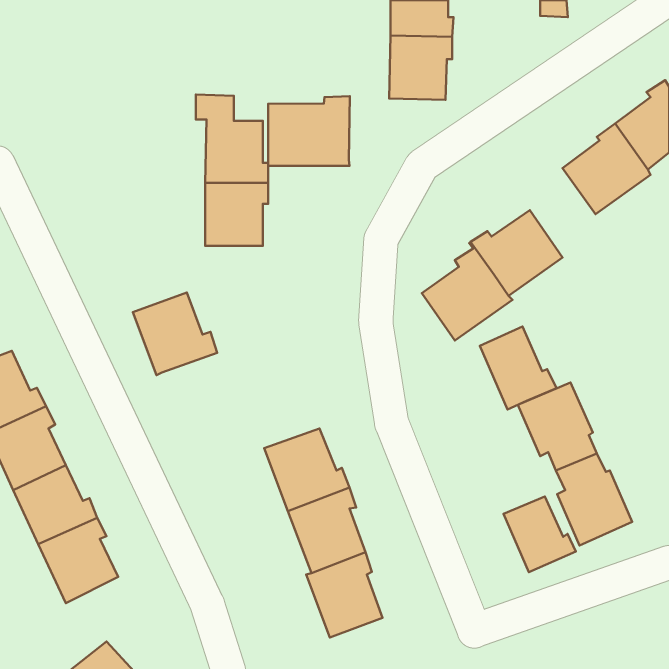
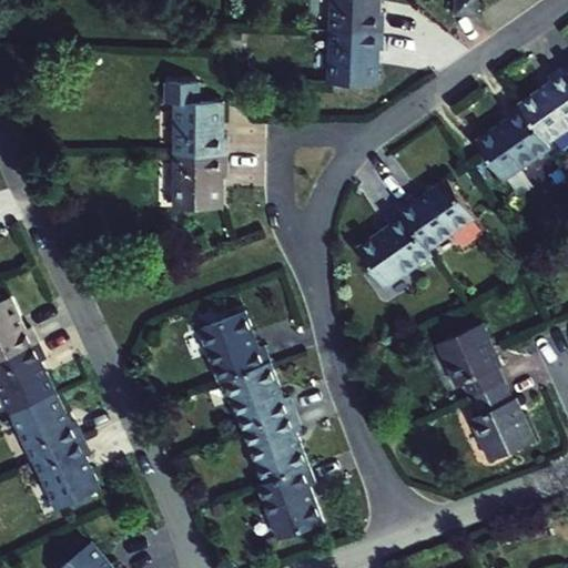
building: [268,96,350,166] -> none
building: [133,292,217,375] -> [199,313,270,383]
building: [480,327,557,410] -> none
building: [504,496,576,572] -> none

